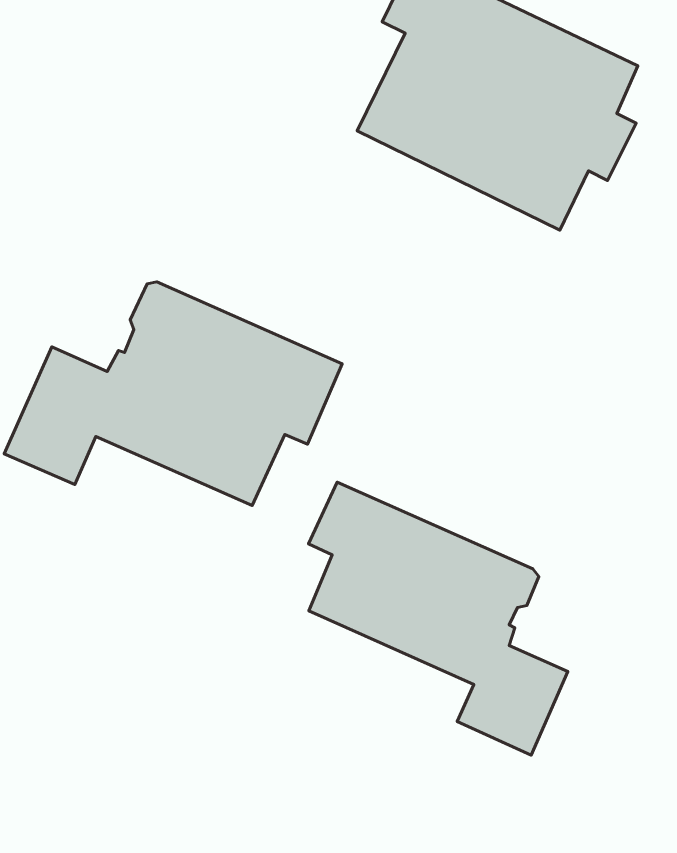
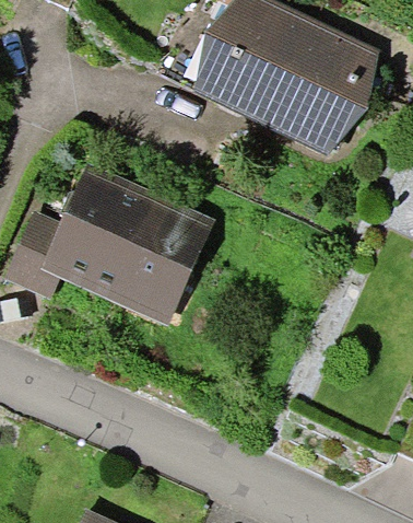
building: [308,482,568,755] -> none

